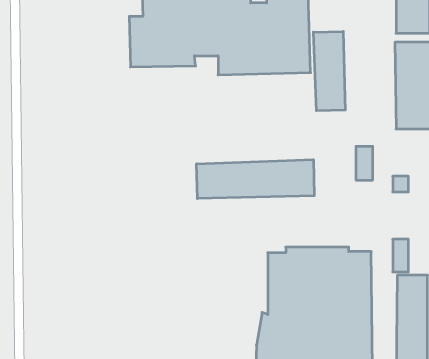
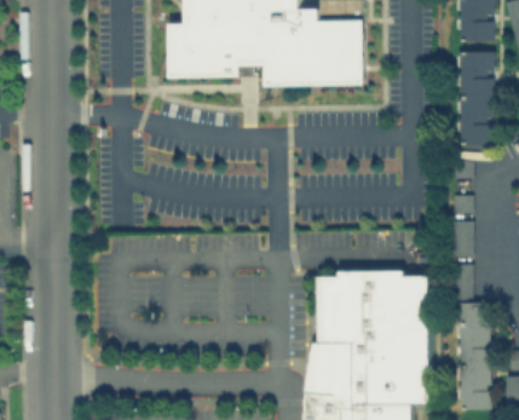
building: [313,31,345,111] -> none
building: [356,146,373,180] -> [452,219,471,255]
building: [197,160,314,199] -> none

